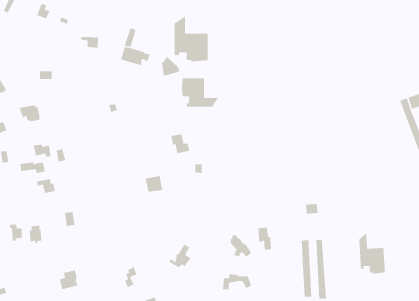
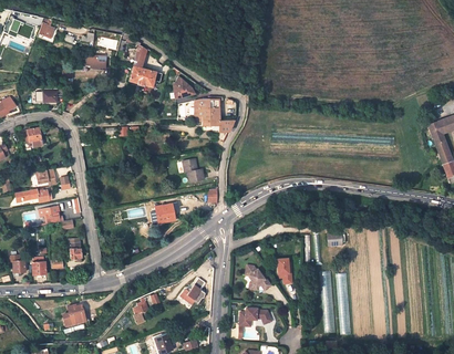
building: [174,15,209,62] -> none
building: [358,232,386,275] -> none

